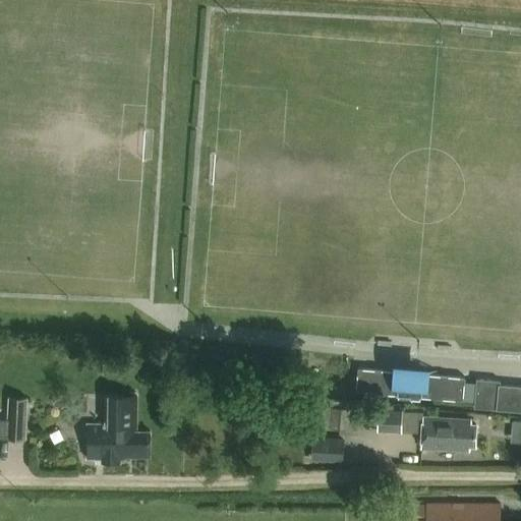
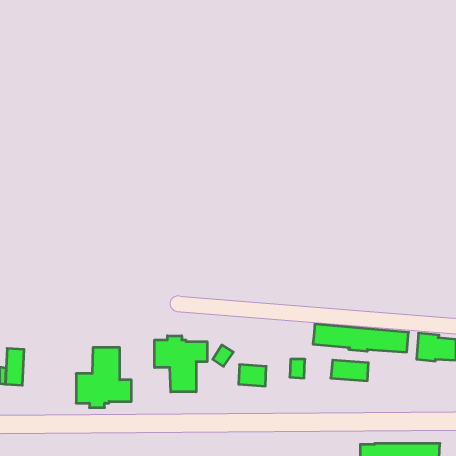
building: none -> [155,336,207,392]
building: [420,418,476,453] -> none
building: [311,436,343,460] -> [239,365,266,386]

